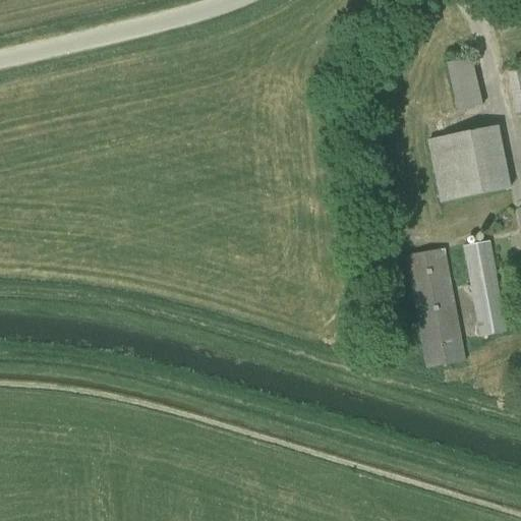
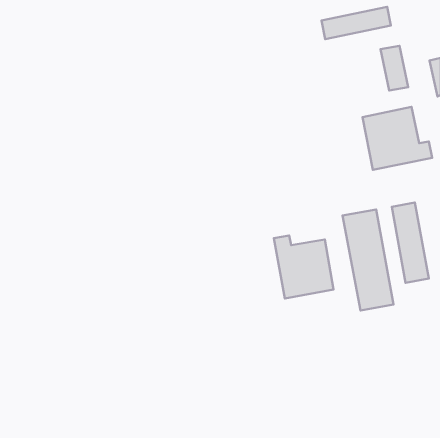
building: none -> [321,7,391,39]
building: none -> [274,236,334,299]

